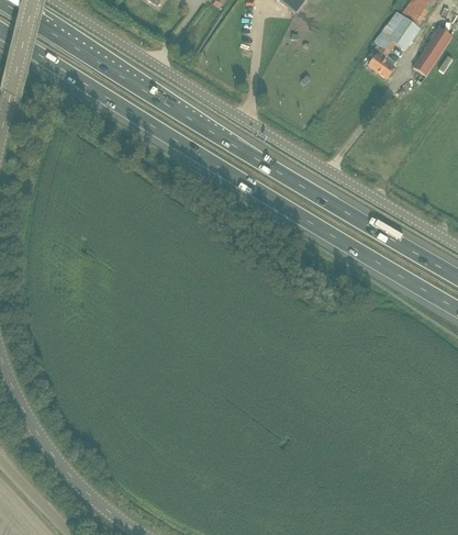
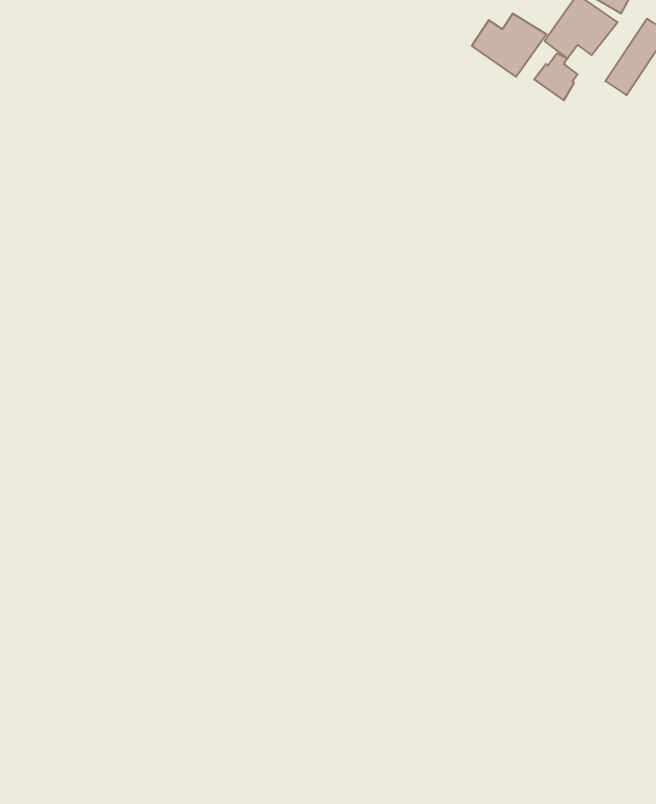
building: none -> [472,13,547,77]

